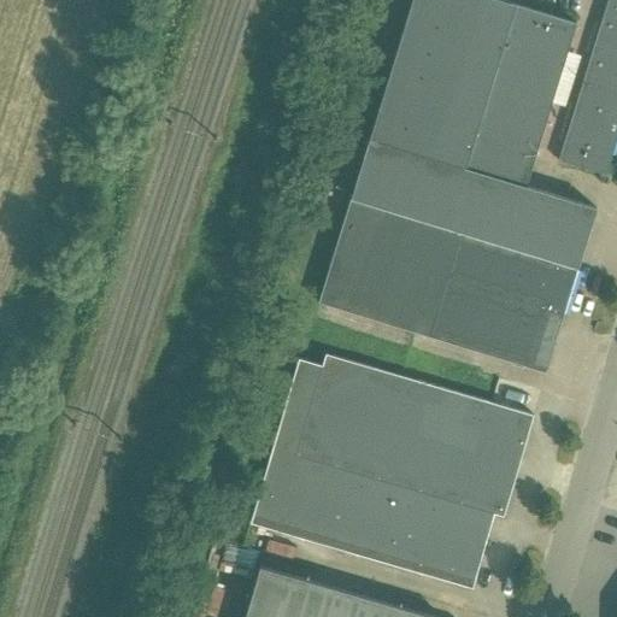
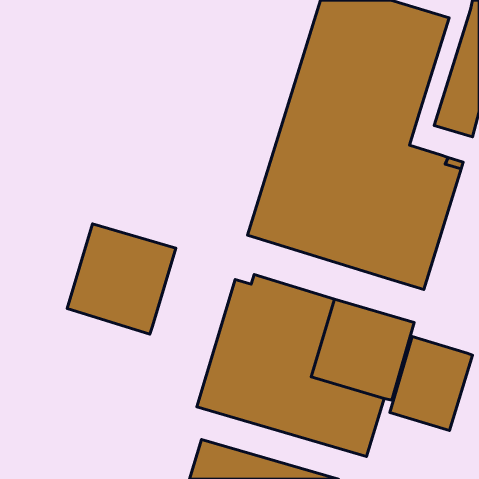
building: none -> [67,224,176,334]
building: none -> [390,337,472,430]

